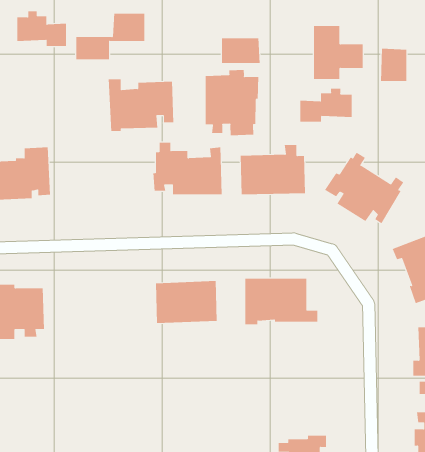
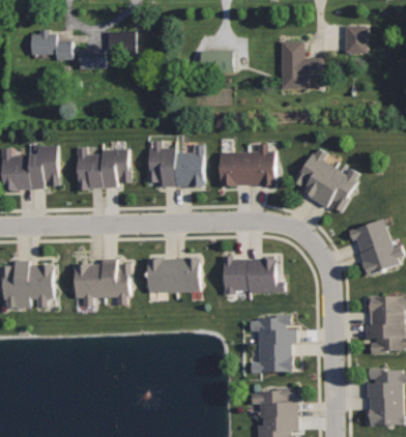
building: [380,48,407,81] -> [347,27,370,55]
building: [205,69,259,136] -> none
building: [108,79,174,131] -> [75,146,130,191]
building: [300,88,352,123] -> none
building: none -> [74,259,129,305]
building: none -> [250,315,296,372]

